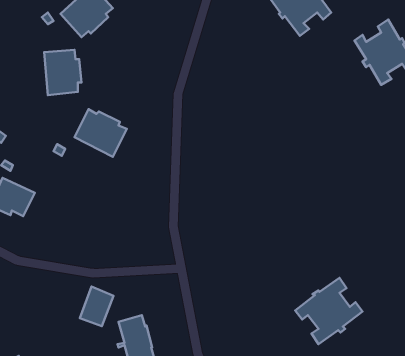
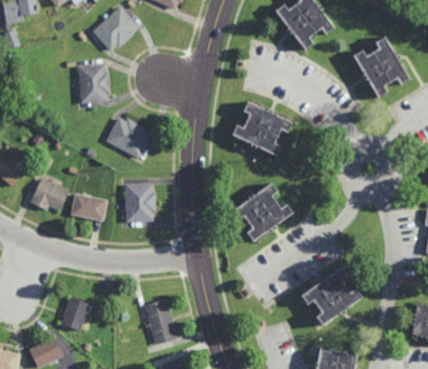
building: none -> [232,101,291,153]
building: none -> [231,182,292,240]
building: none -> [124,183,155,223]
building: none -> [70,194,108,221]
building: [80,287,113,326] -> [60,296,90,332]

